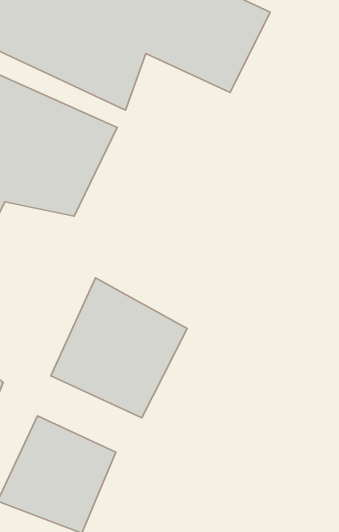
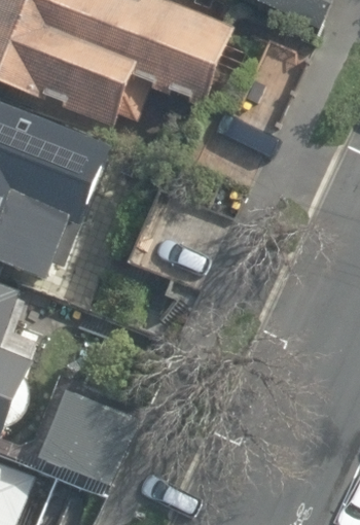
building: [51,278,187,418] -> none

